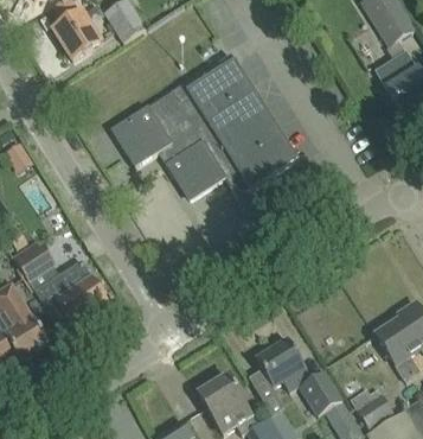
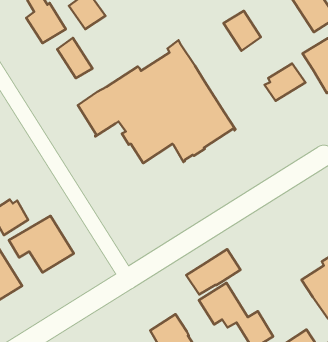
building: none -> [224,11,261,51]
building: none -> [57,38,92,78]
building: none -> [265,64,306,101]
building: none -> [186,249,240,295]

